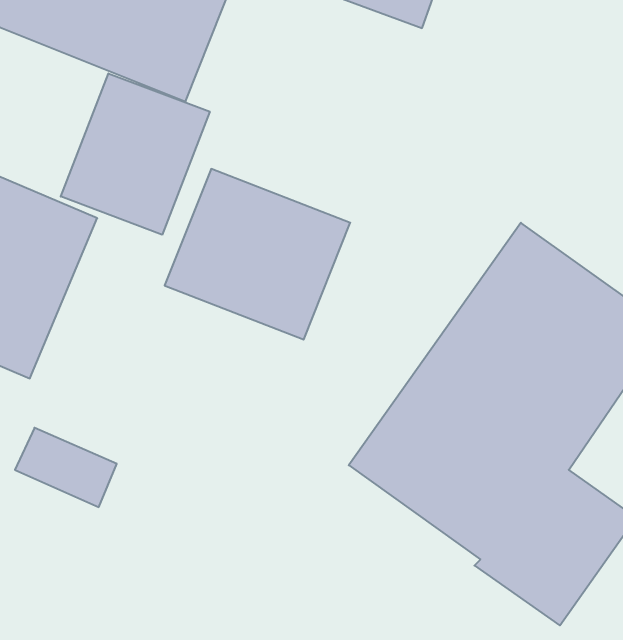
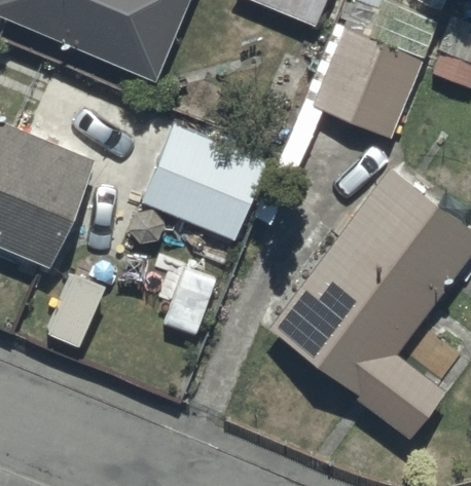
building: none -> [312,28,422,141]
building: [61,73,210,235] -> none

